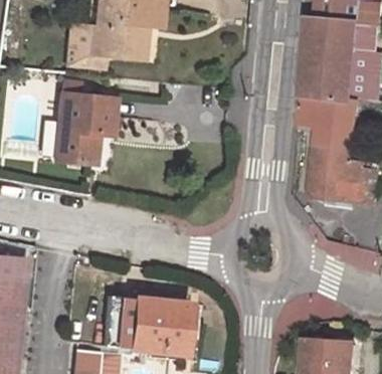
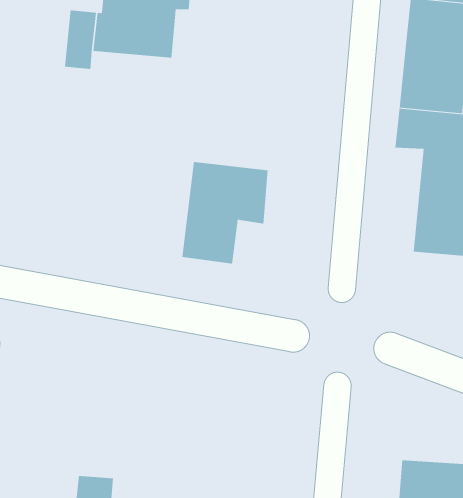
building: [53,92,115,165] -> [182,162,268,264]
building: [109,301,188,357] -> none

